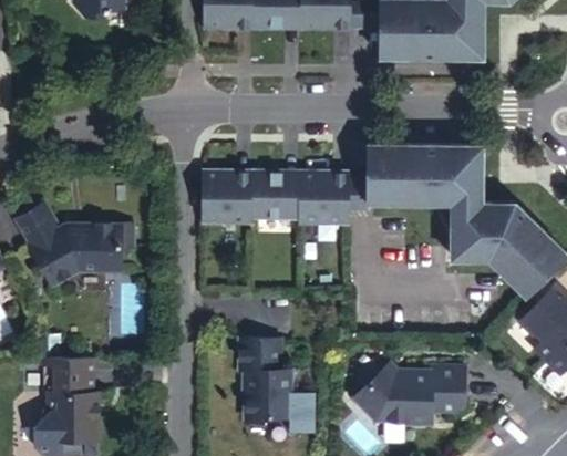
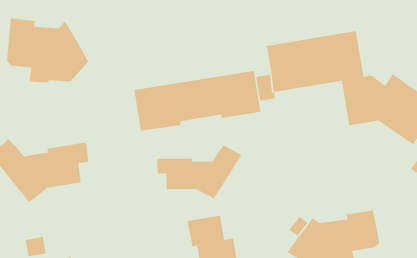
building: none -> [6,18,89,83]
building: none -> [157,145,242,199]

